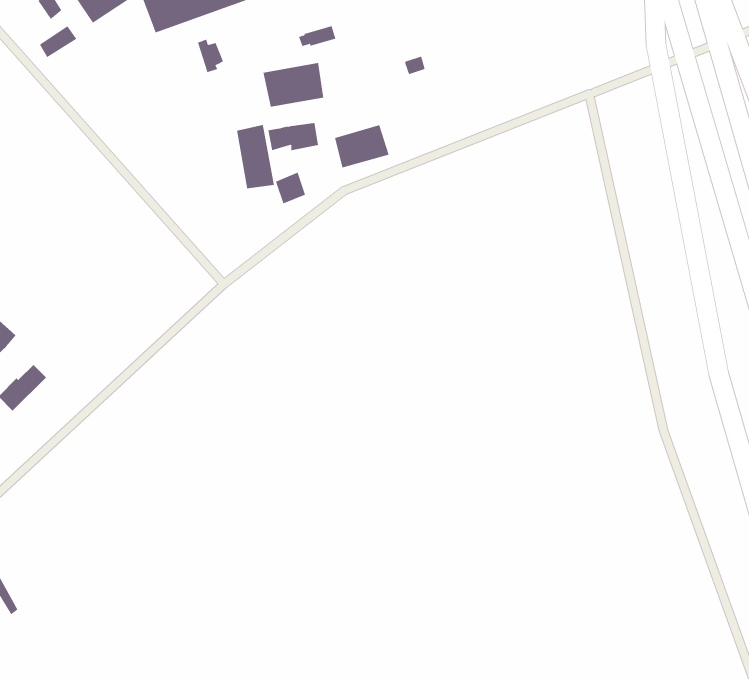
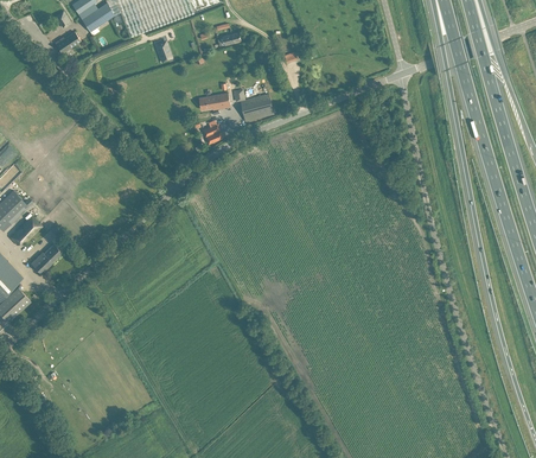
building: [263,62,324,107] -> none
building: [236,124,274,189] -> none

